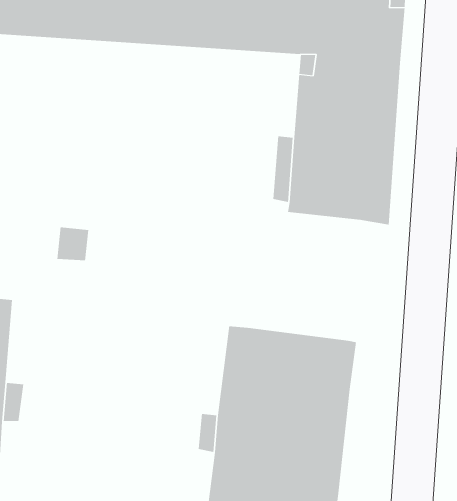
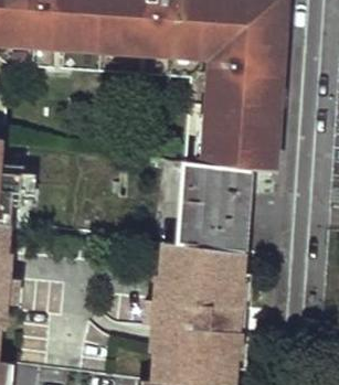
building: none -> [177,162,253,252]

